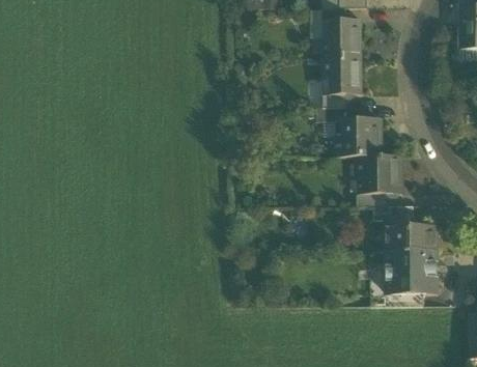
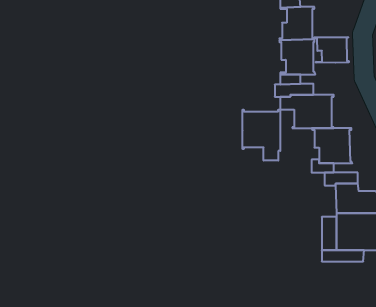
building: none -> [314,37,349,63]
building: none -> [243,110,280,161]

